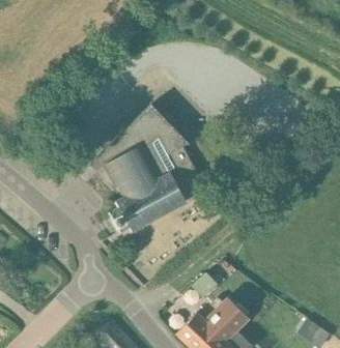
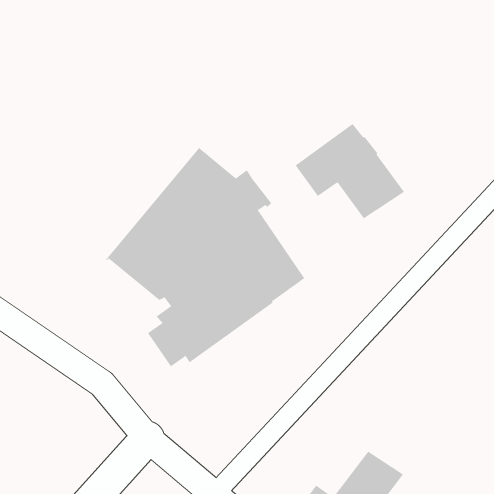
building: none -> [295,123,405,219]

